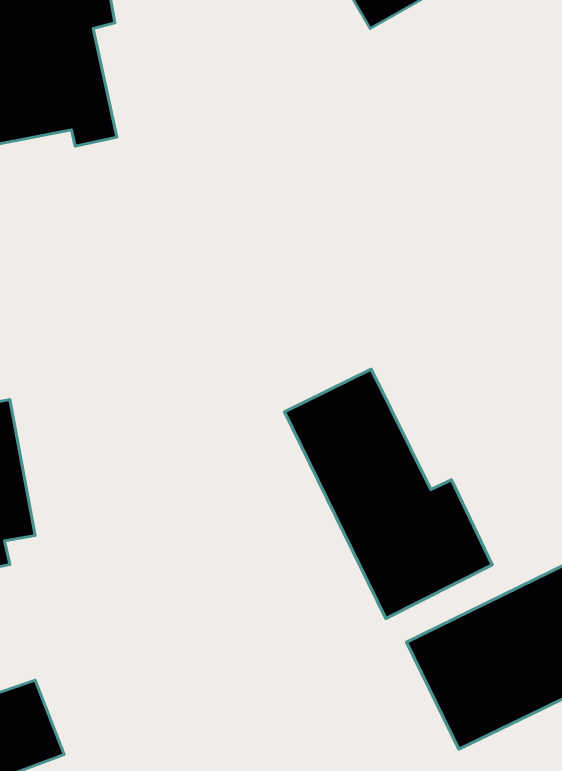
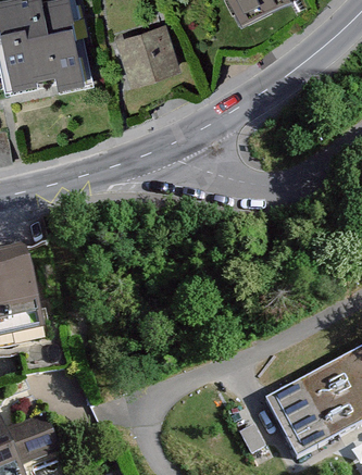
building: none -> [111,22,177,87]
building: [284,369,492,619] -> none

